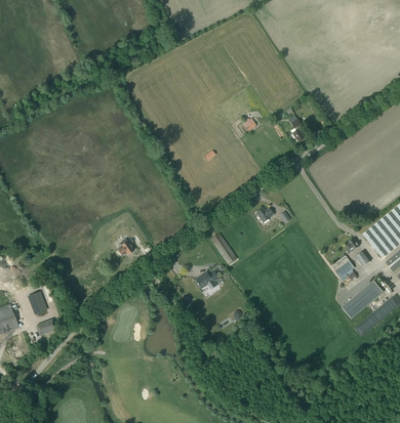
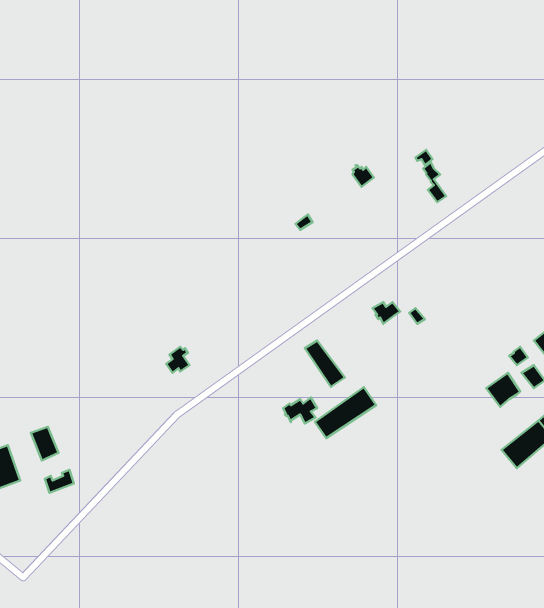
building: none -> [315,387,376,438]

